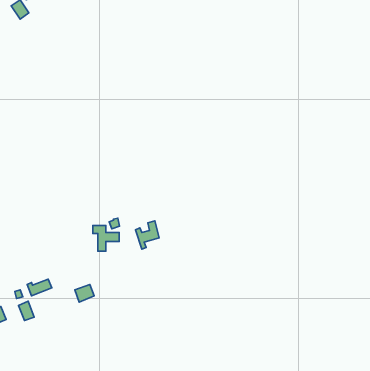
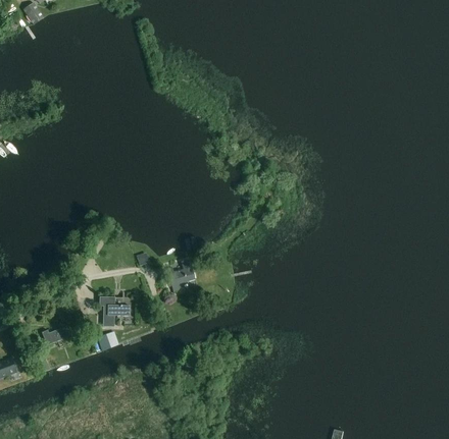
building: [93,225,119,251] -> [98,296,129,326]

